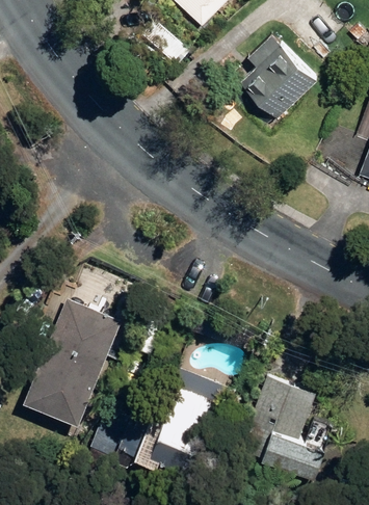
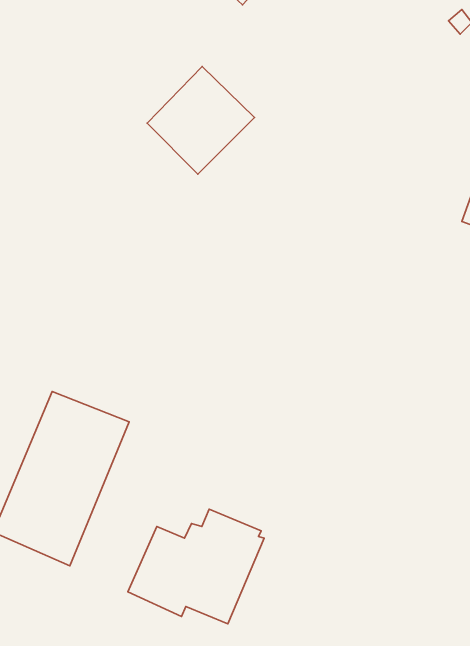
building: [240,43,317,119] -> [147,67,254,174]
building: [241,378,325,474] -> none

